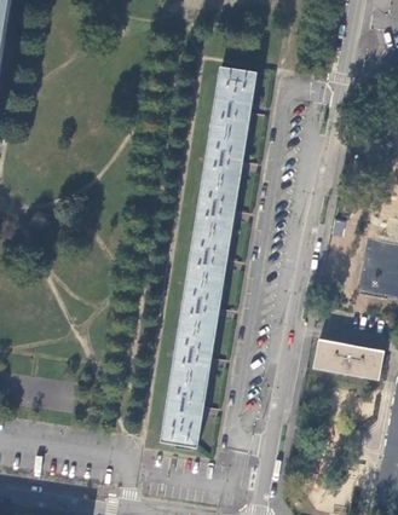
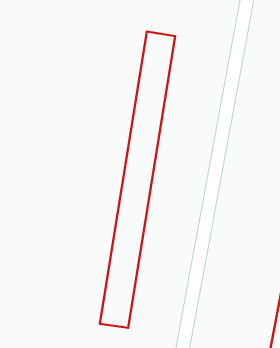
building: [313,338,383,378] -> none

